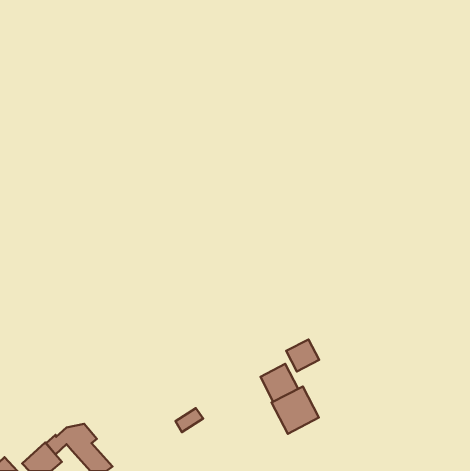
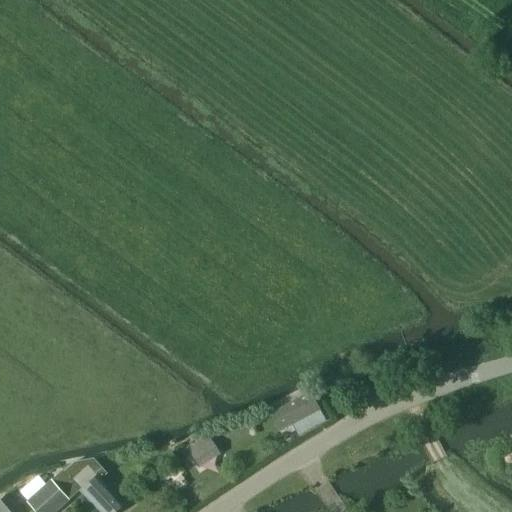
building: [286,339,319,371] -> none
building: [272,386,319,434] -> none

